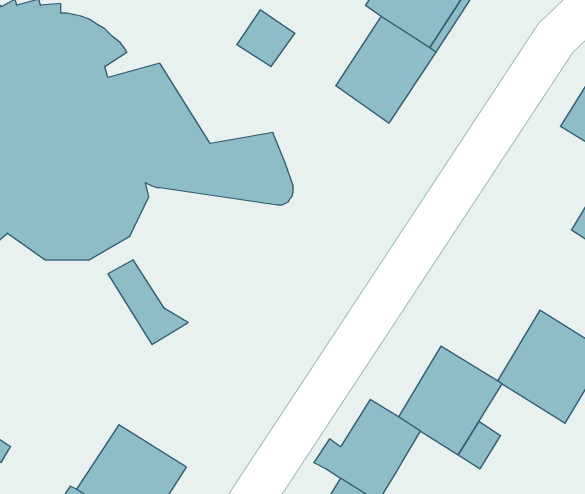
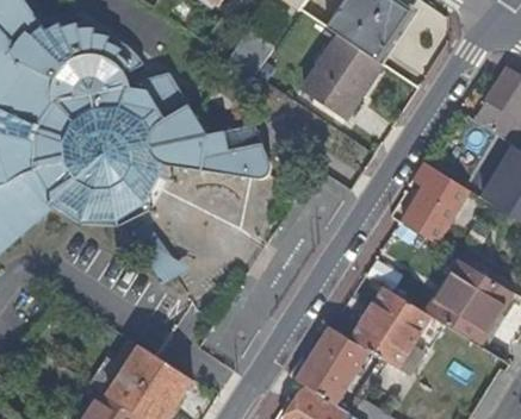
building: none -> [397,162,469,243]

